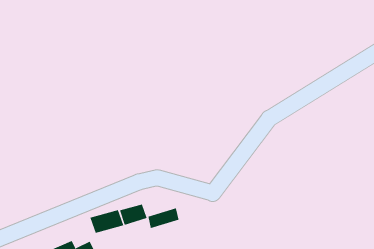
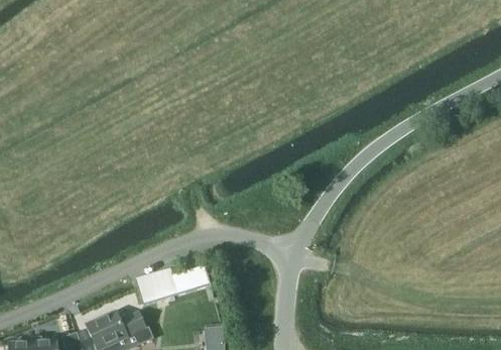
building: [148,207,179,229] -> none

